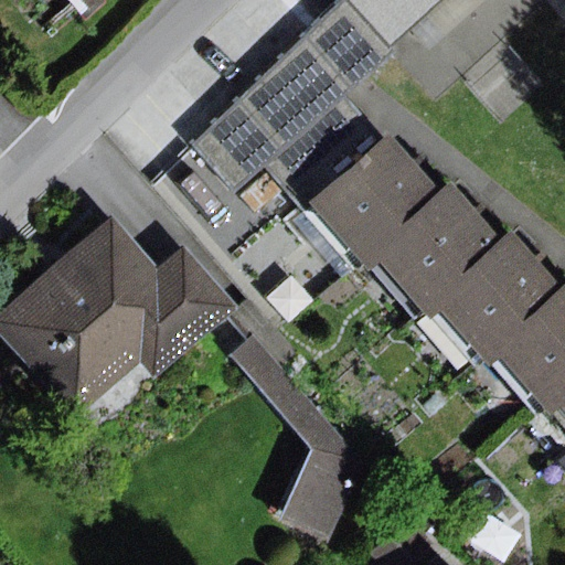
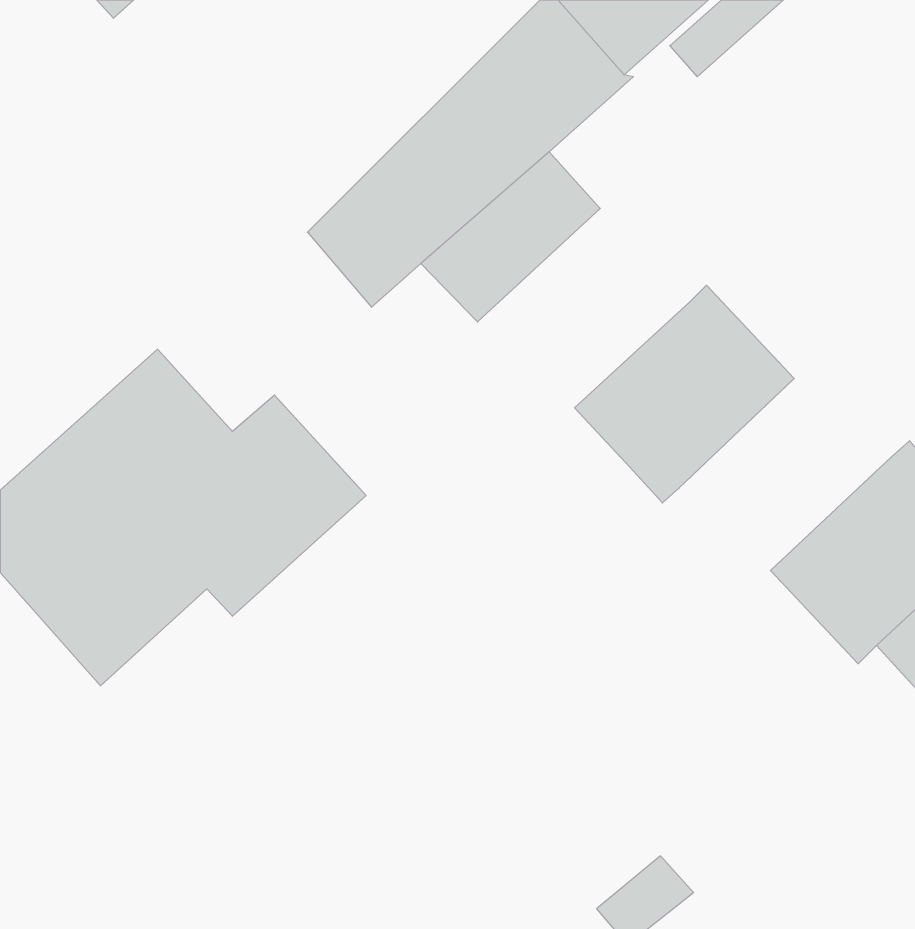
building: [300,129,428,255] -> none
building: [422,225,550,352] -> none
building: [226,296,363,542] -> none

